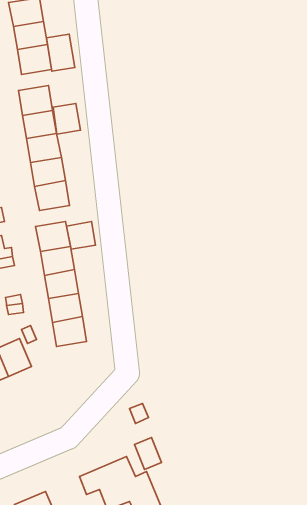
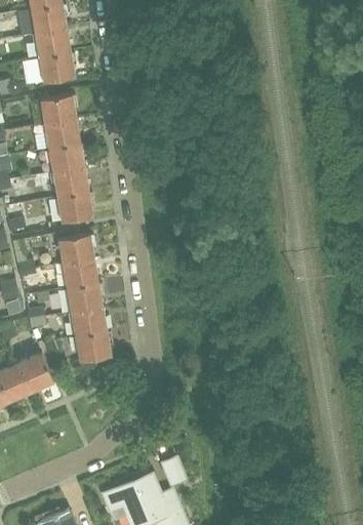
building: [46,34,75,71] -> none
building: [53,103,80,134] -> none
building: [67,221,96,249] -> none

